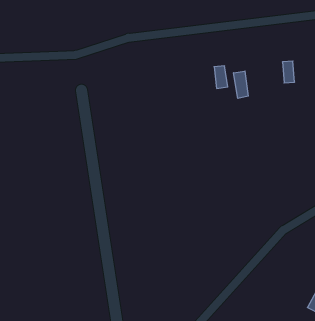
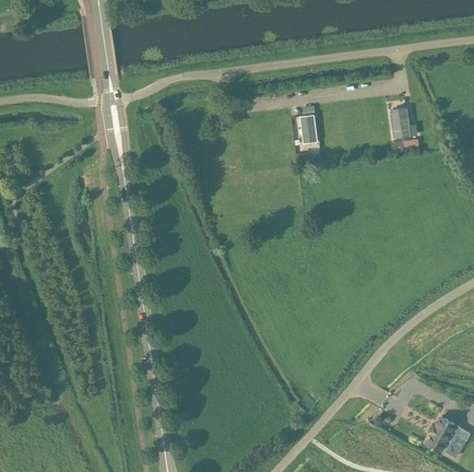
building: [234,71,248,98] -> none

